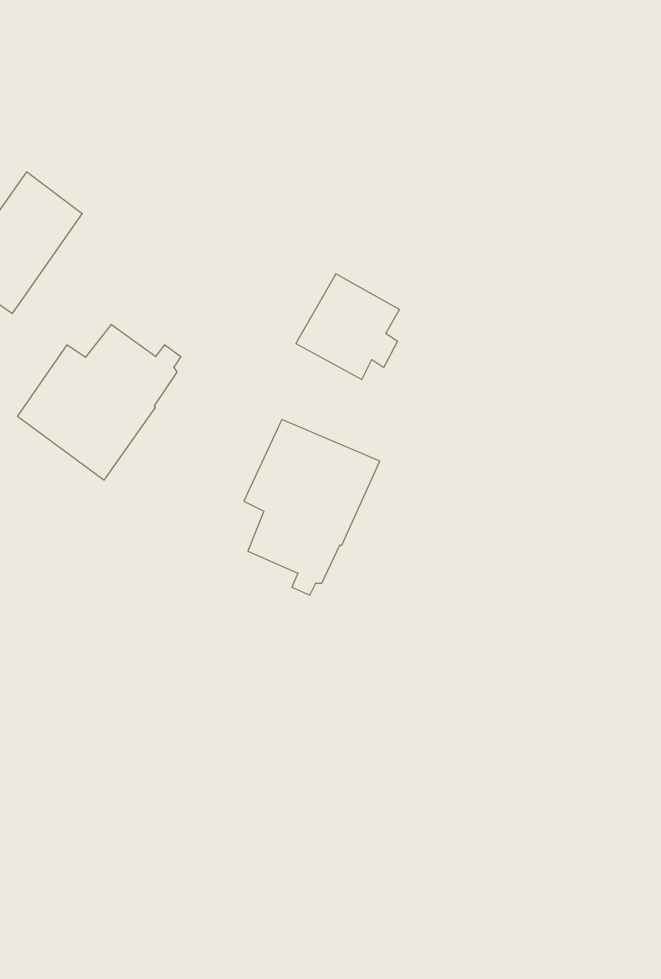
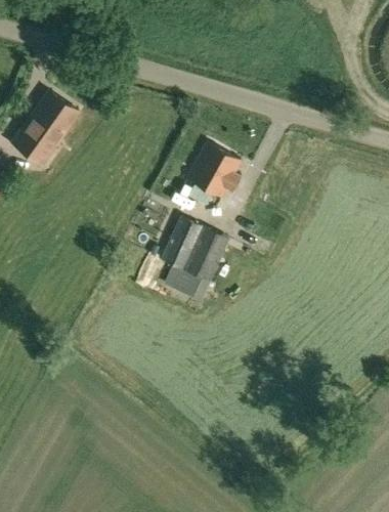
building: [18,324,181,480] -> none

